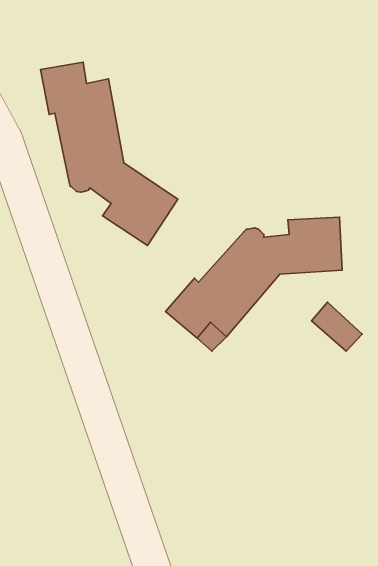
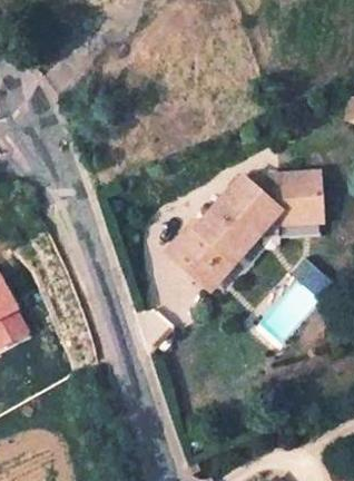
building: [40,62,178,246] -> none

